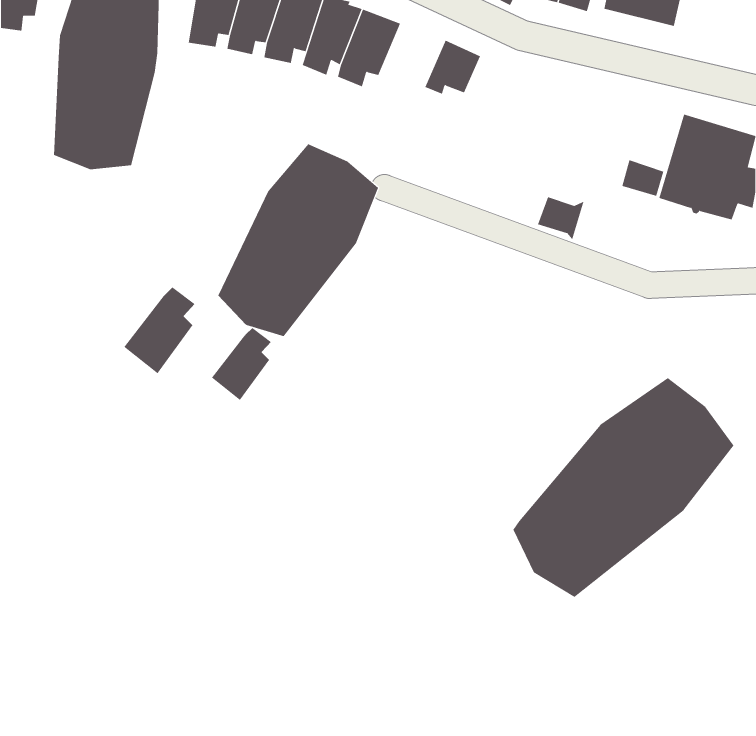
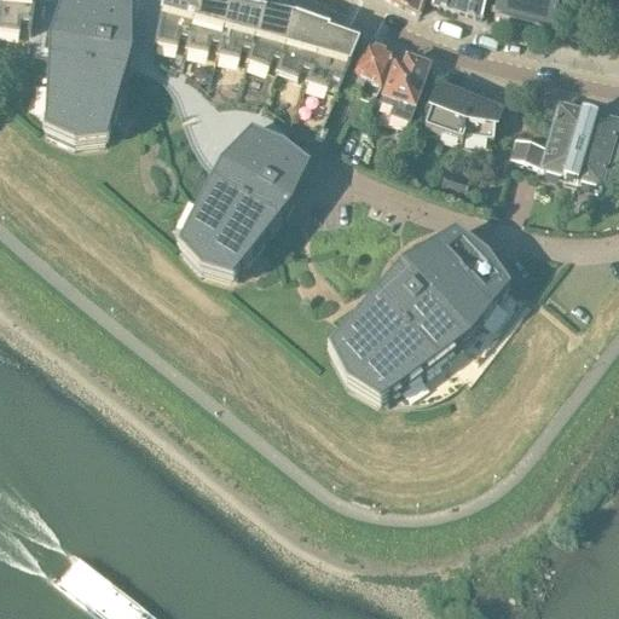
building: none -> [305,19,359,82]
building: none -> [380,47,430,115]
building: none -> [423,77,496,145]
building: [123,287,195,374] -> none
building: [211,327,272,401] -> none
building: [512,377,734,598] -> [329,222,510,403]

